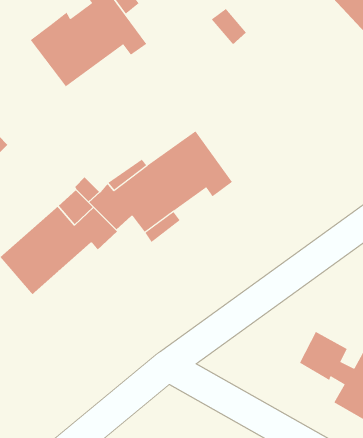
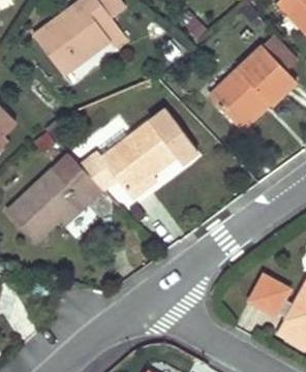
building: none -> [210,36,298,124]

